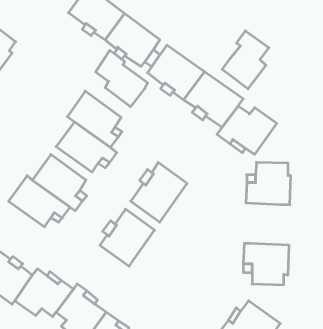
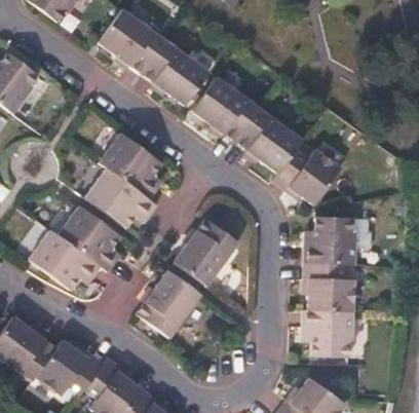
building: [222,31,269,89] -> none
building: [96,50,148,107] -> none
building: none -> [305,262,356,311]

